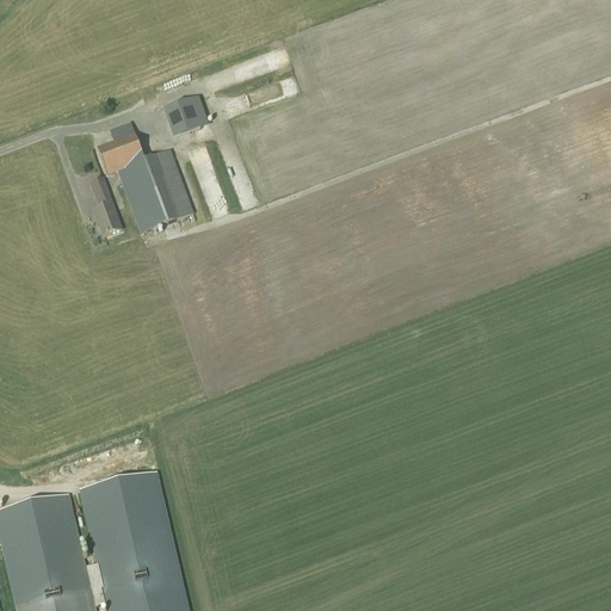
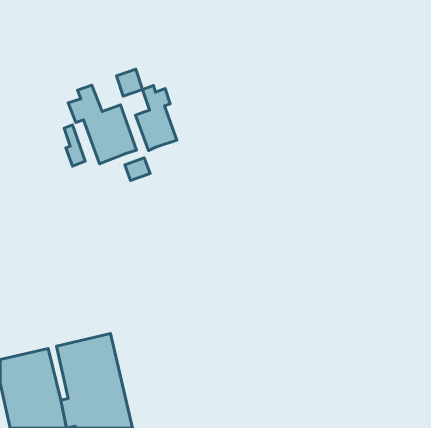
building: none -> [135,85,177,150]
building: none -> [125,158,150,181]

